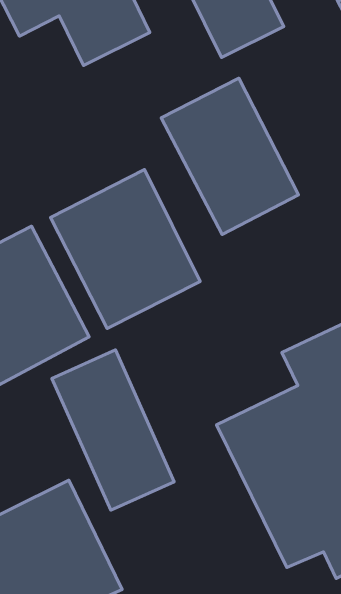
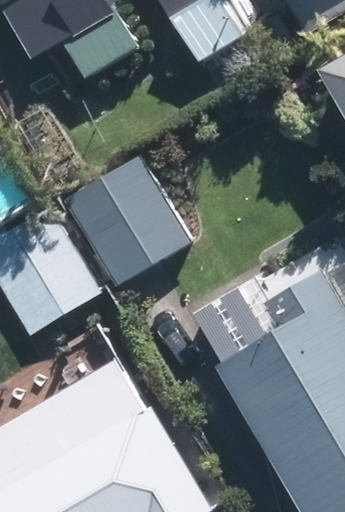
building: [161,78,299,234] -> none

